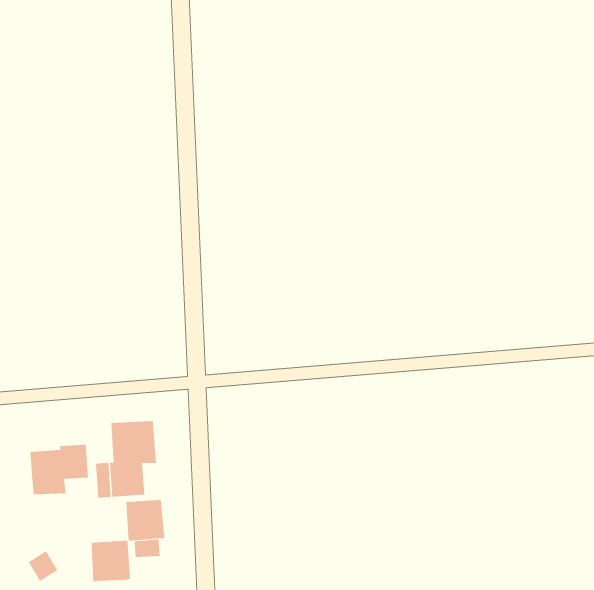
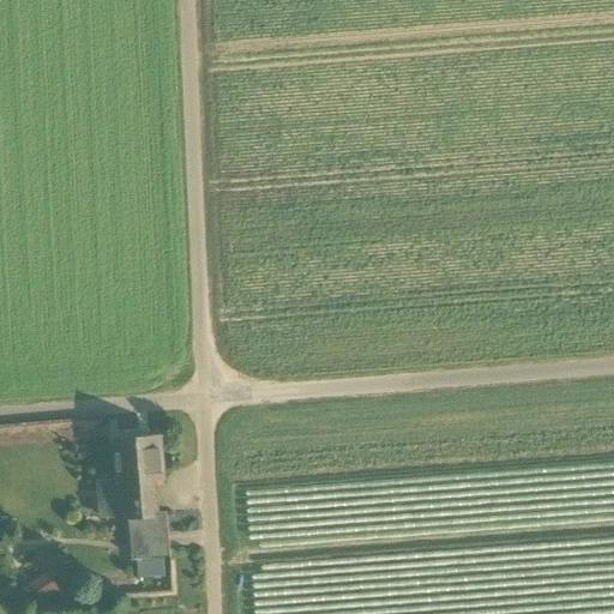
building: [30,444,88,495] -> none
building: [91,540,131,582] -> none

